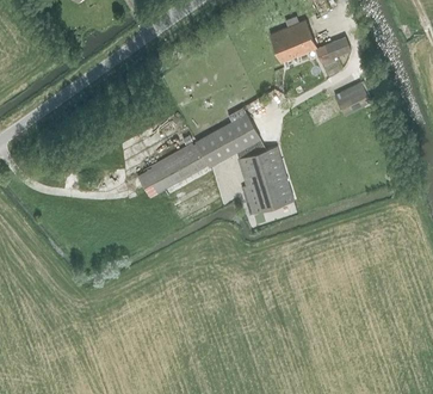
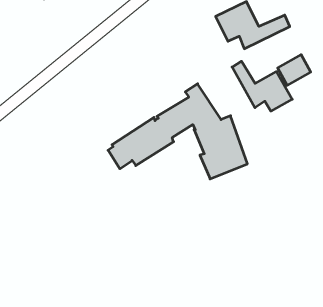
building: none -> [232,61,292,111]

